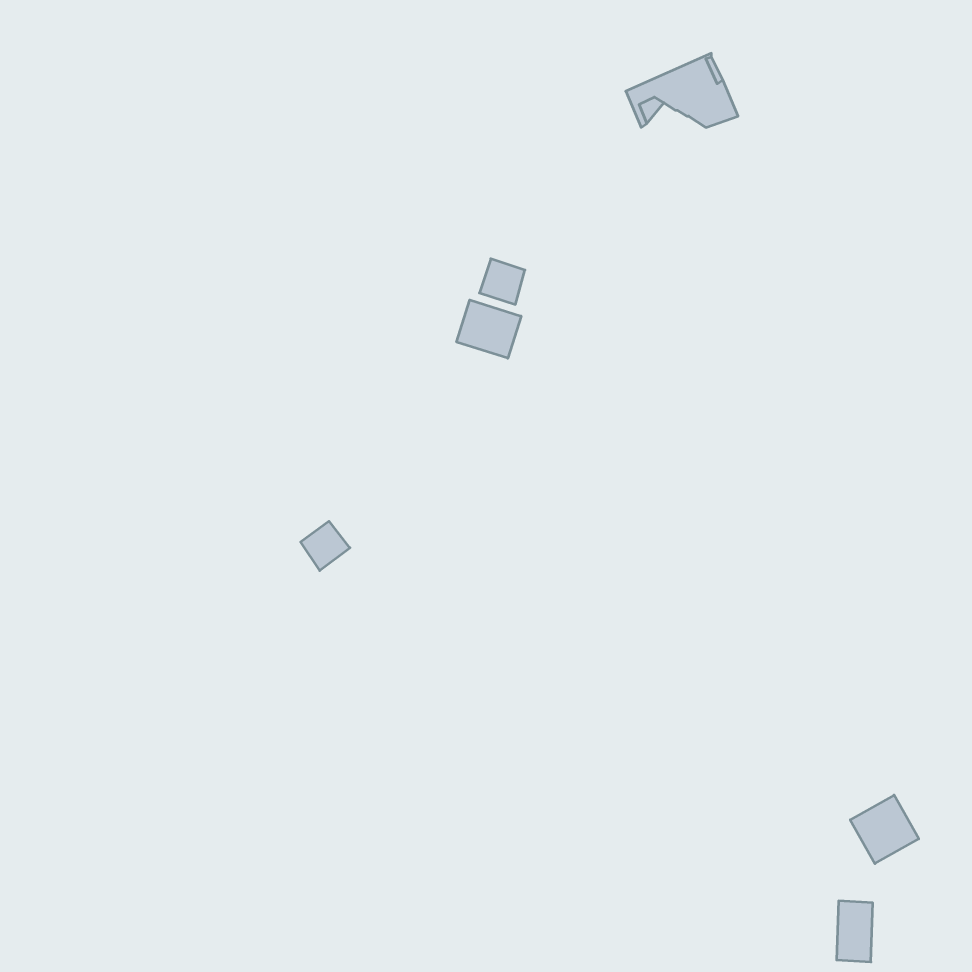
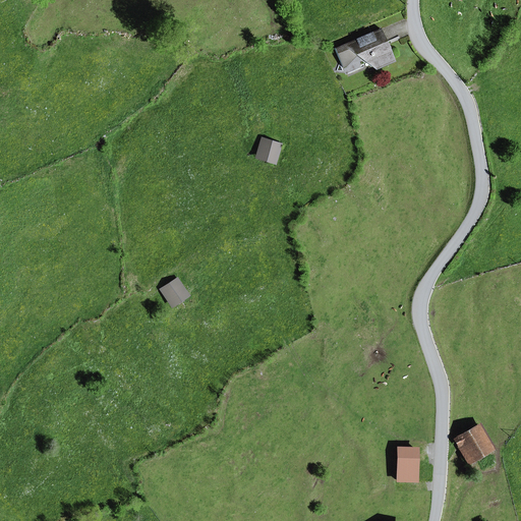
building: [457,300,521,358] -> none
building: [837,901,873,962] -> [397,449,416,481]

